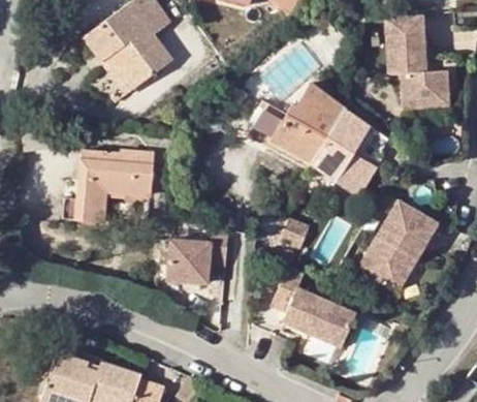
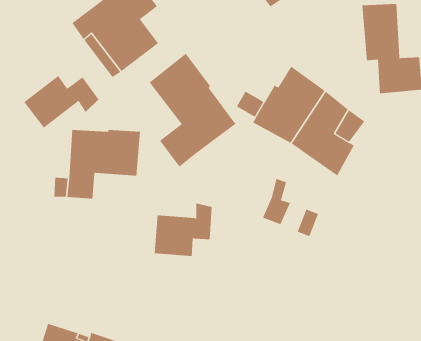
building: none -> [149,53,236,167]
building: none -> [23,75,99,129]
building: [357,203,436,295] -> none
building: [273,269,356,348] -> none

